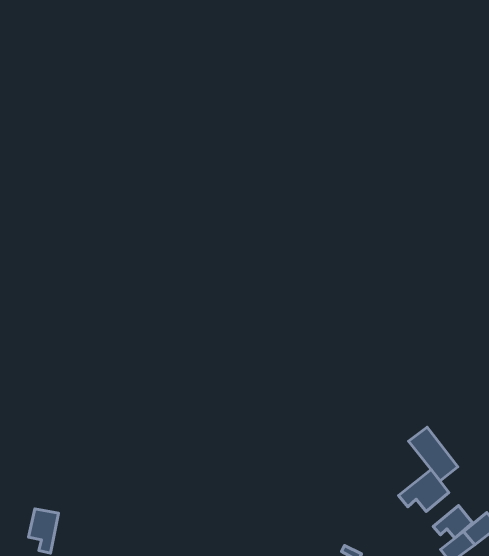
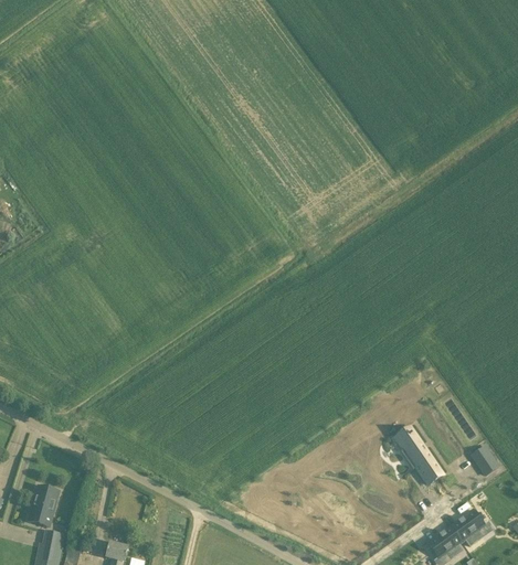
building: [399,470,449,512] -> none
building: [433,505,473,538] -> none

